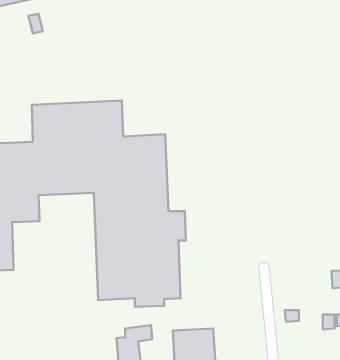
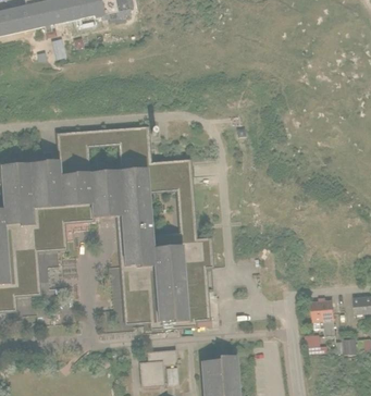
building: none -> [312,301,336,322]

